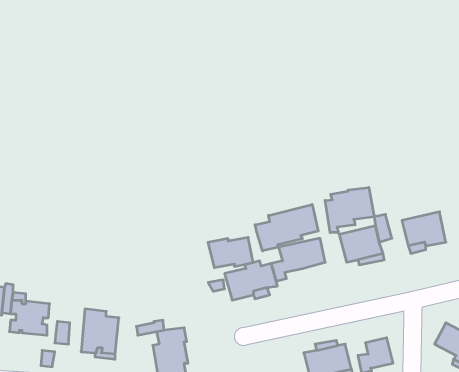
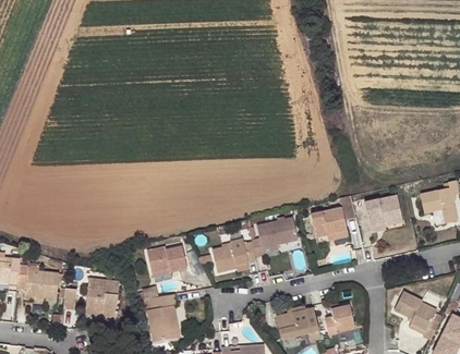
building: [325,187,374,233] -> none
building: [255,204,318,251] -> none
building: [208,237,253,268] -> [146,247,185,273]

